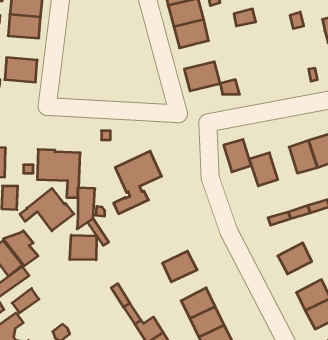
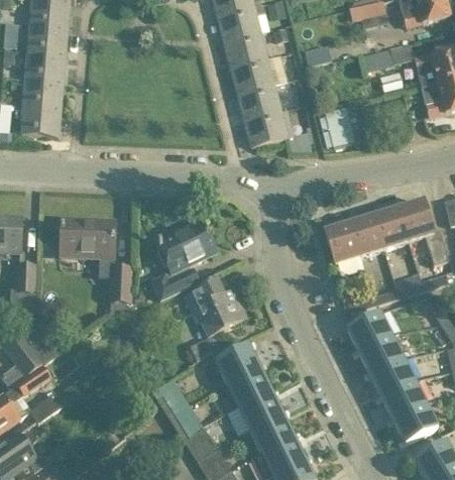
building: none -> [22,77,63,107]
building: none -> [237,83,280,118]
building: none -> [325,105,355,145]
building: [224,139,251,172] -> [349,215,383,255]
building: [20,188,74,231] -> none
building: none -> [184,274,247,334]
building: none -> [348,311,390,350]
building: [70,235,97,260] -> none
building: none -> [371,357,414,395]
building: none -> [227,367,270,405]

